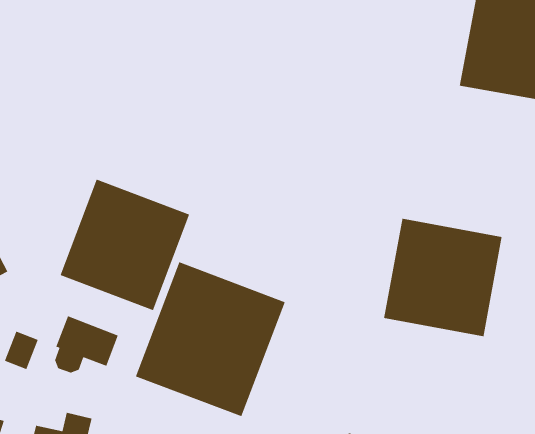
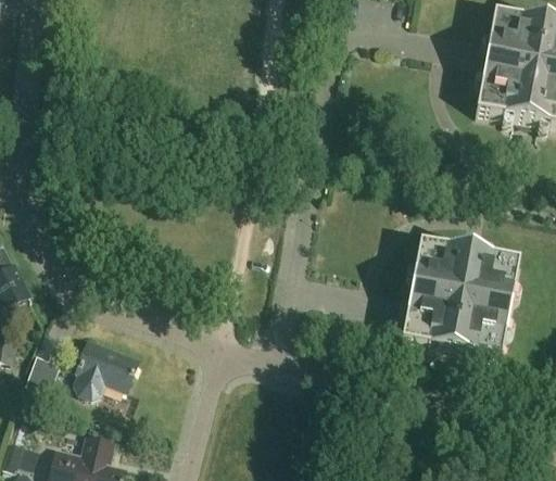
building: [59,179,190,311] -> none
building: [135,261,286,417] -> none

